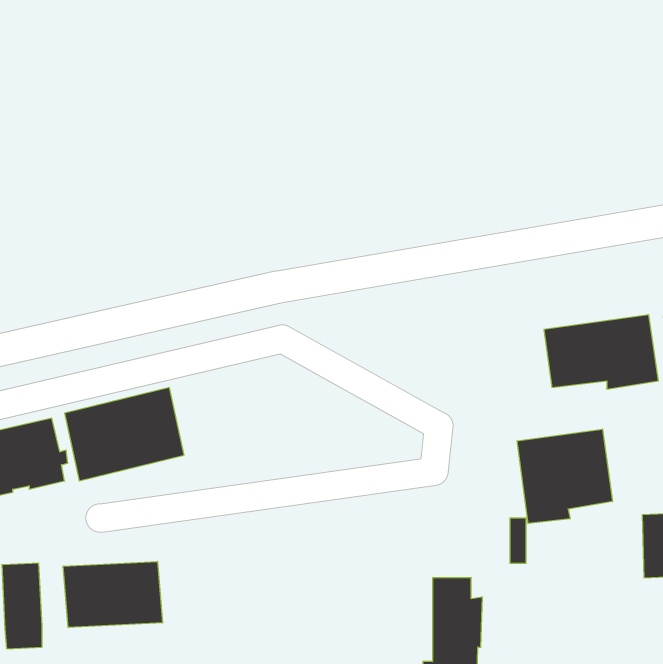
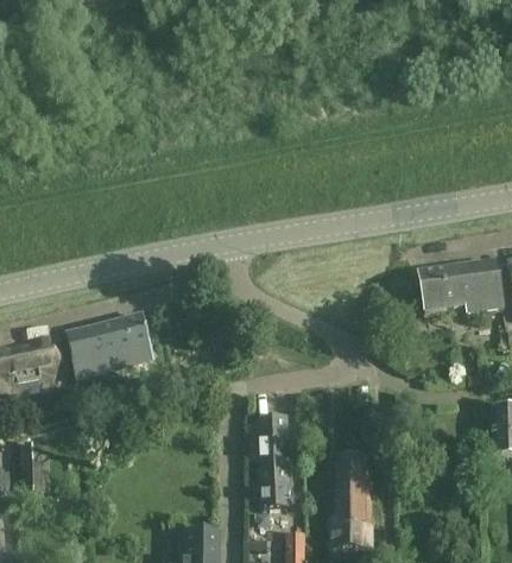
building: [517,429,612,524] -> none
building: none -> [257,415,290,510]
building: [63,561,163,628] -> none

